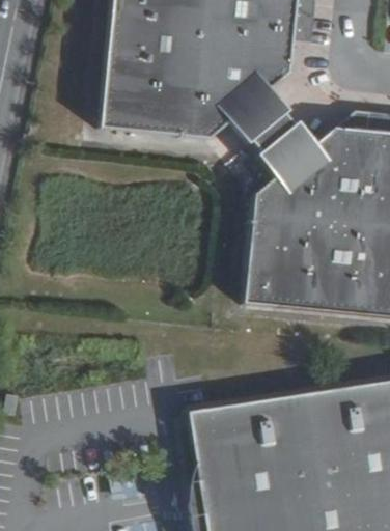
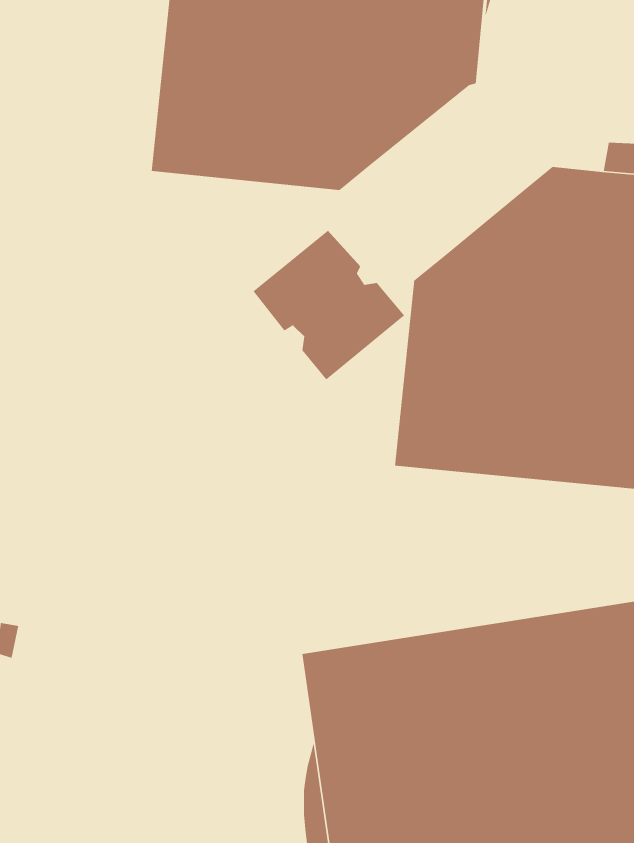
building: [228,89,318,178] -> [253,230,405,380]

